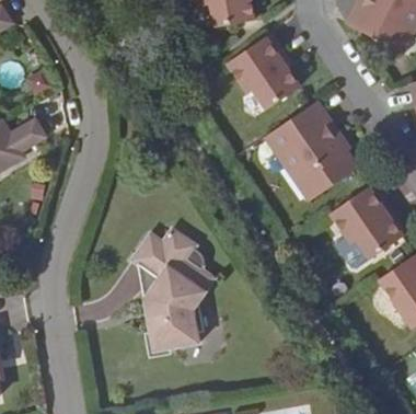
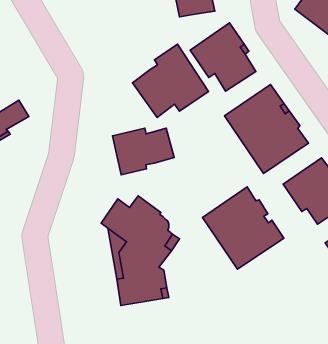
building: none -> [132,44,209,118]
building: none -> [112,128,174,175]
building: none -> [202,187,284,269]

